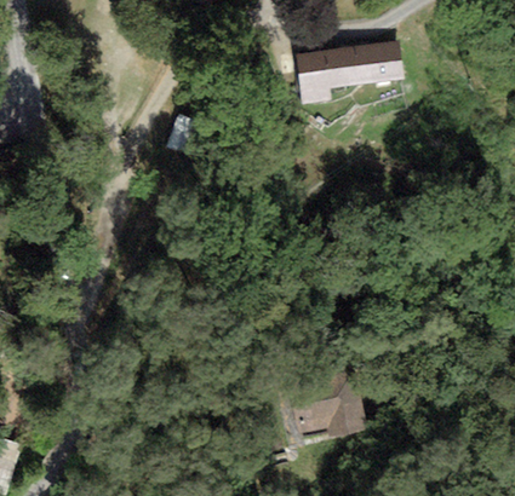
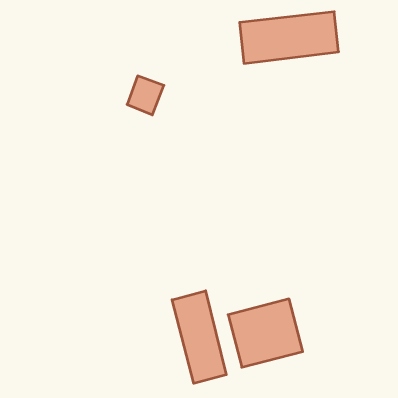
building: none -> [172,291,226,383]

